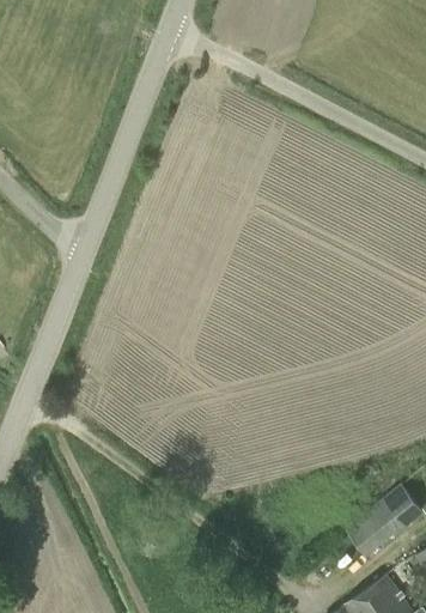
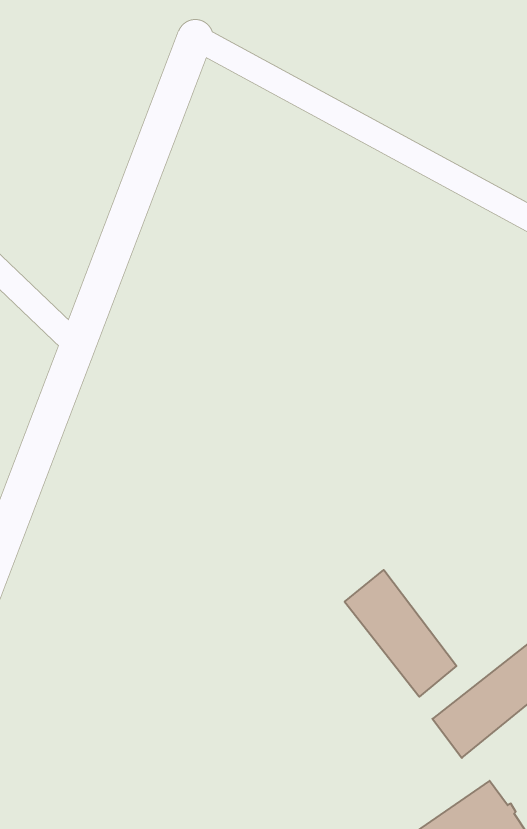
building: none -> [345,570,456,697]

